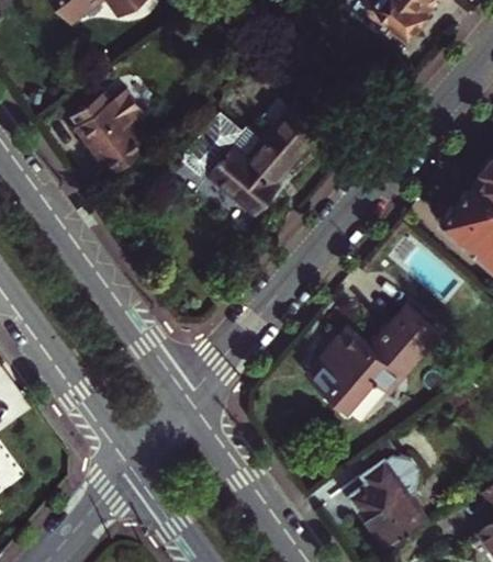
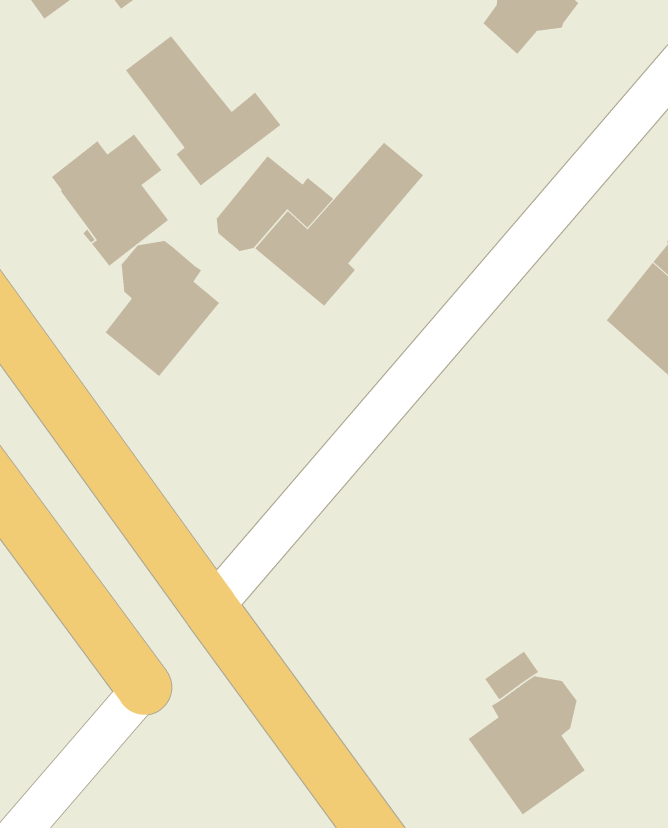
building: none -> [125,35,281,186]
building: none -> [105,240,220,377]
building: [306,306,438,411] -> none

